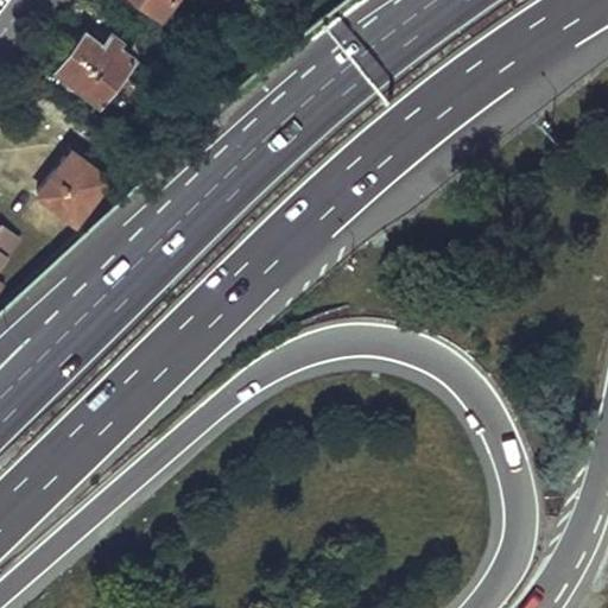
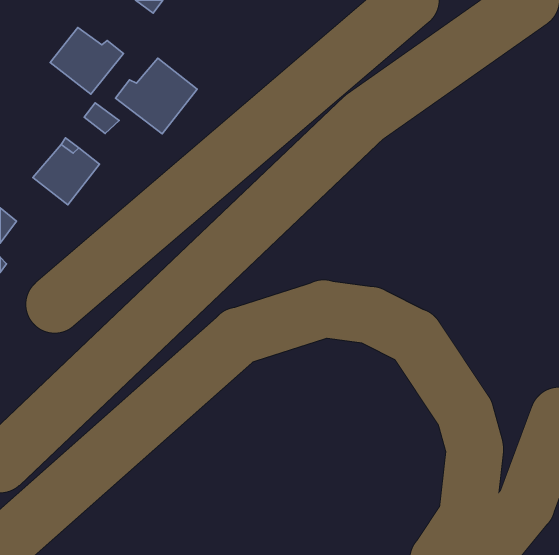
building: none -> [115,58,197,134]

